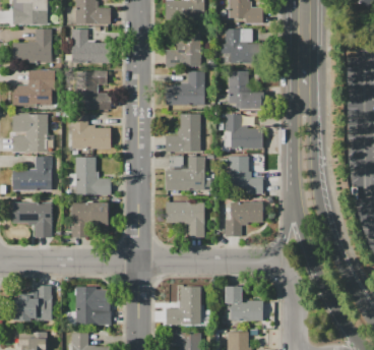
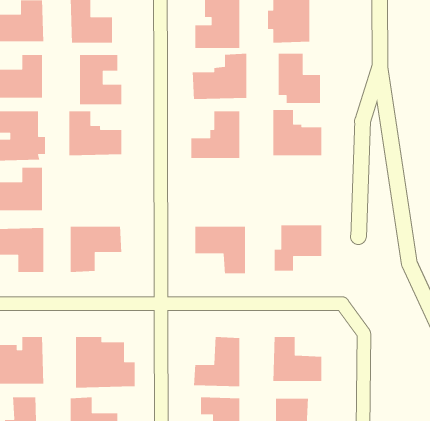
building: [228,155,262,193] -> none
building: [166,156,205,190] -> none
building: [74,157,110,194] -> none

